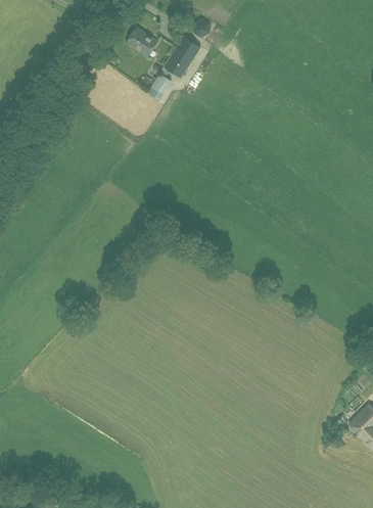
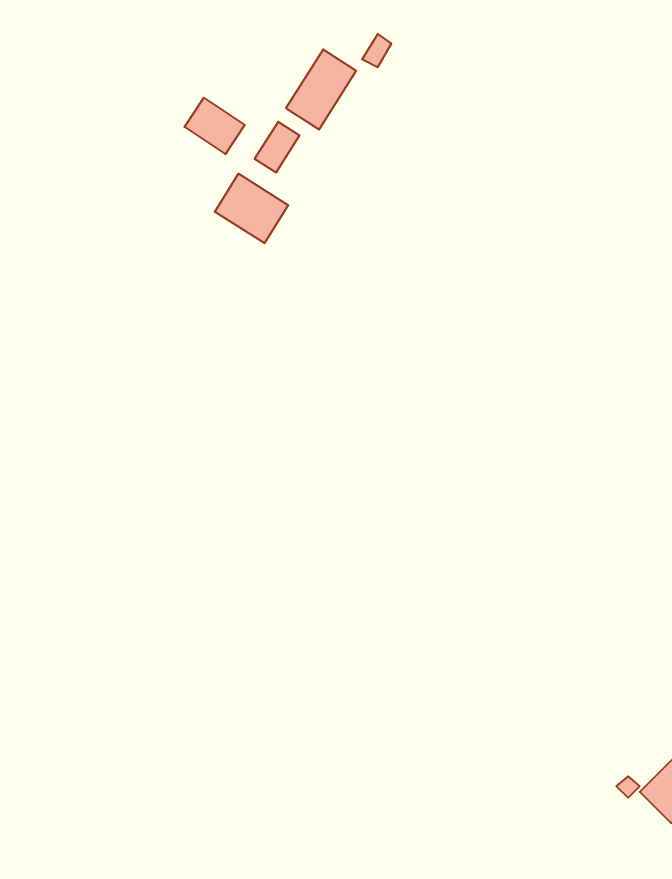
building: [126,26,157,55] -> [184,98,245,154]
building: none -> [215,174,288,243]

